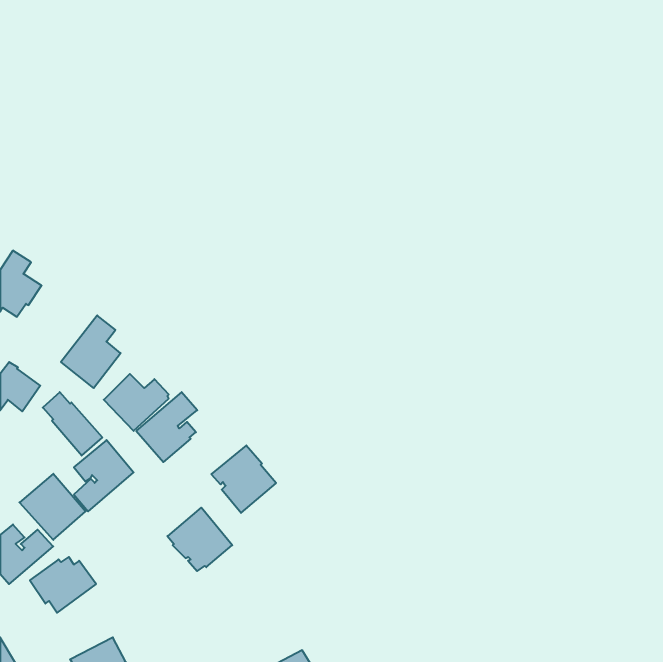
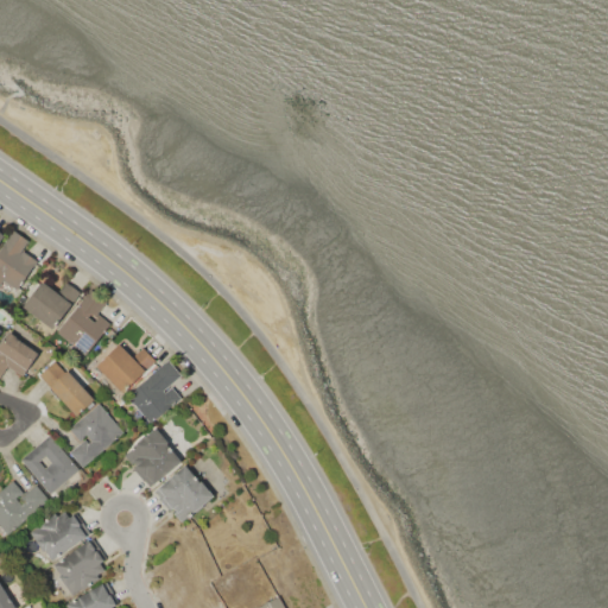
building: none -> [21,281,82,331]
building: [211,445,276,513] -> [122,429,182,490]
building: none -> [52,539,106,597]

